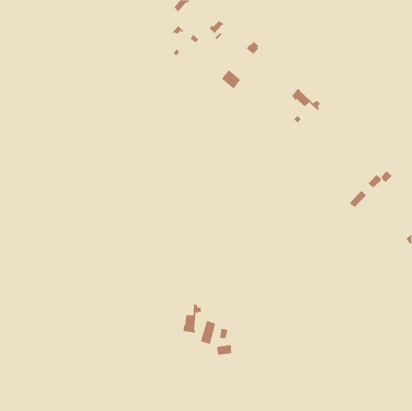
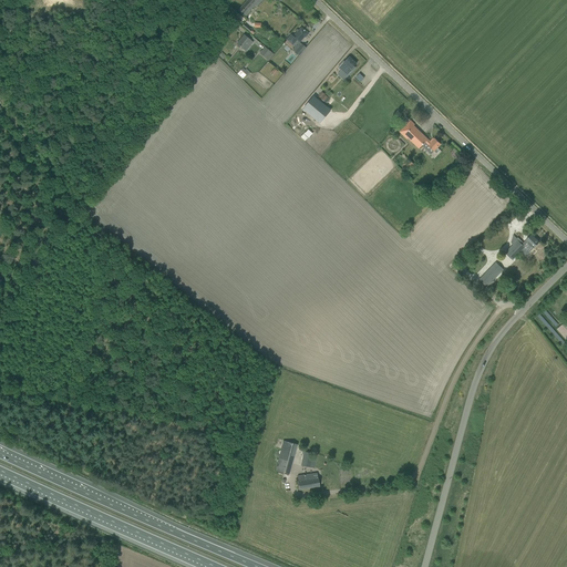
building: [183,303,202,333] -> none

